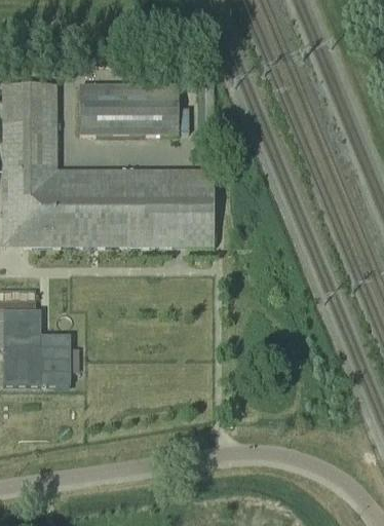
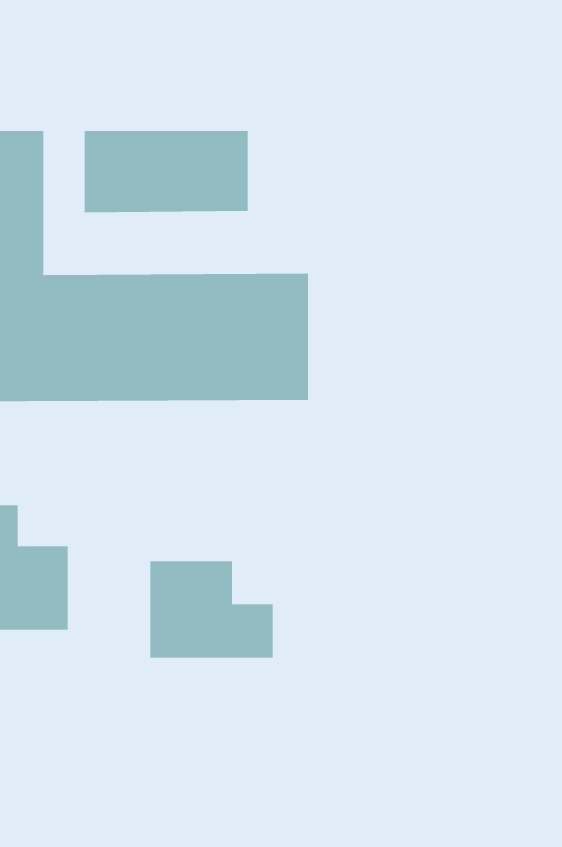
building: none -> [150,560,273,658]

